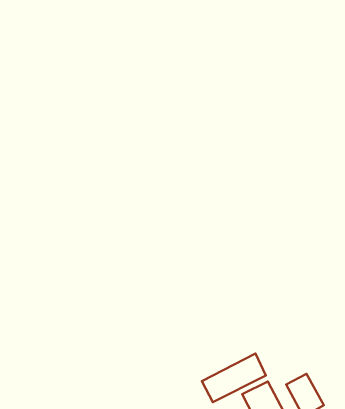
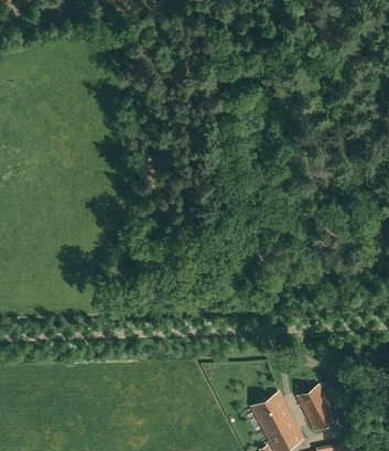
building: [202,354,266,402] -> none

